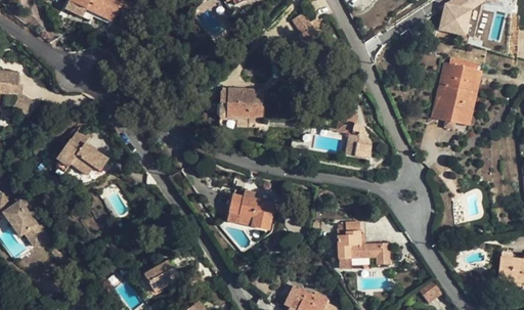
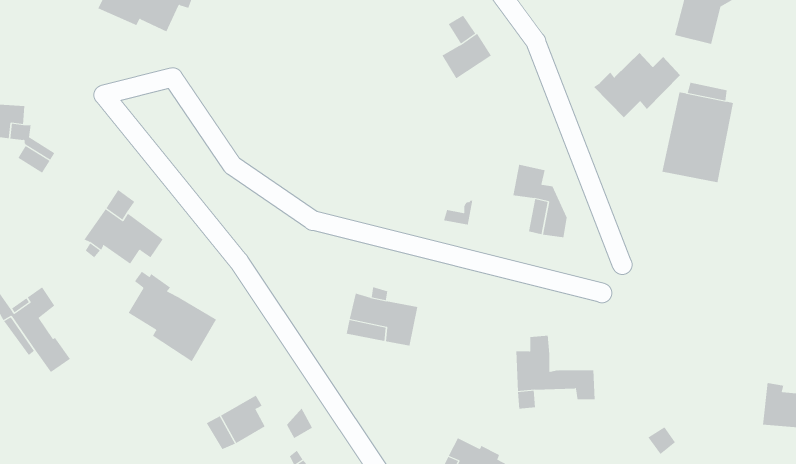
building: none -> [593,52,681,118]
building: [219,87,264,127] -> none
building: none -> [128,271,217,362]

